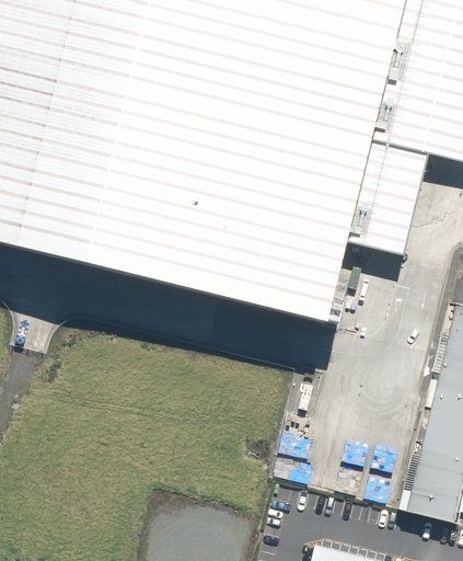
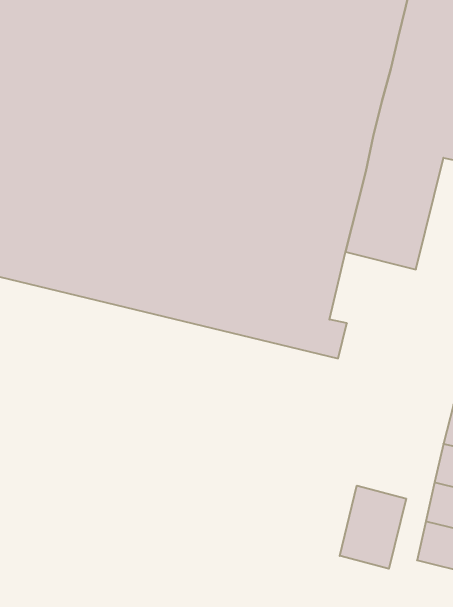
building: none -> [340,486,406,569]

